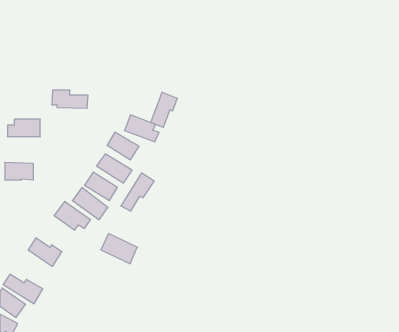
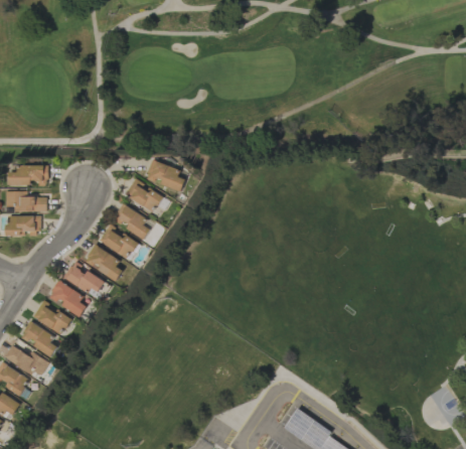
building: [52,90,88,108] -> [5,191,47,212]
building: [151,92,177,128] -> none
building: [121,173,154,211] -> none
building: [101,233,137,264] -> [48,281,91,316]
building: none -> [20,321,58,355]

